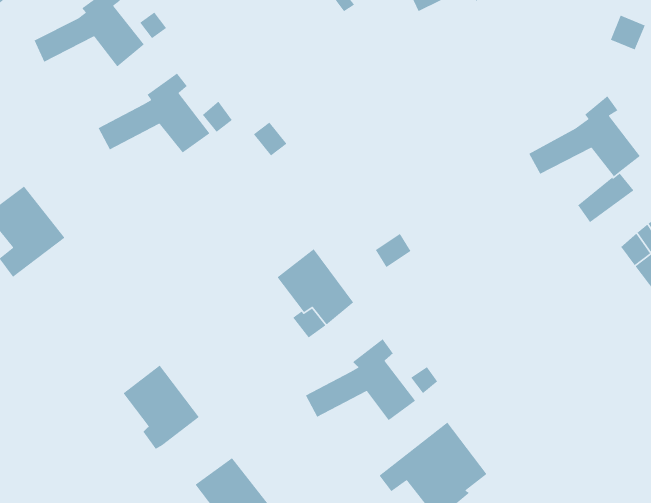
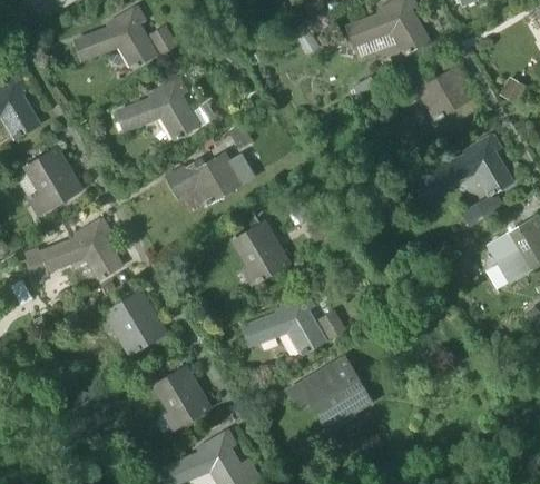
building: none -> [415,69,472,120]
building: none -> [167,152,253,205]
building: none -> [40,220,122,280]

